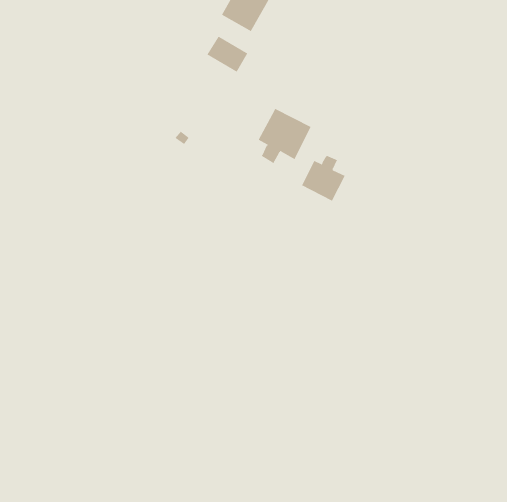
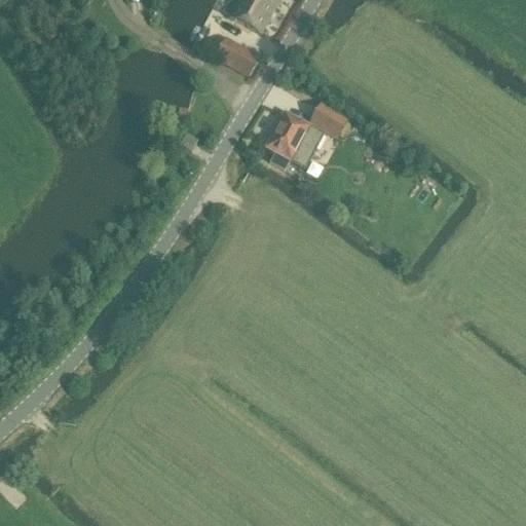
building: none -> [310,102,348,136]
building: [301,155,346,202] -> none

